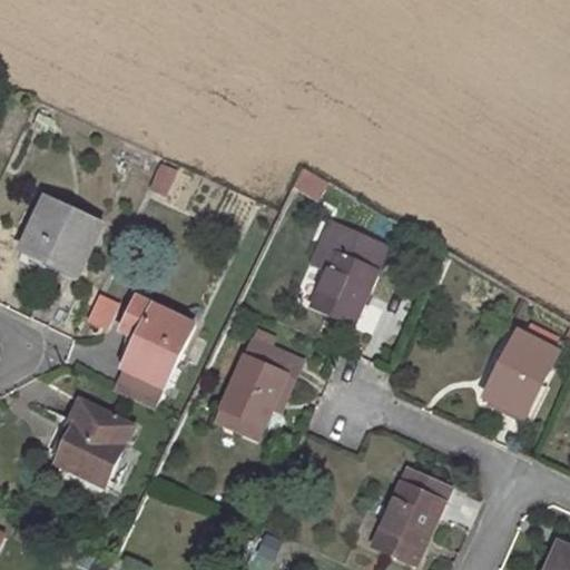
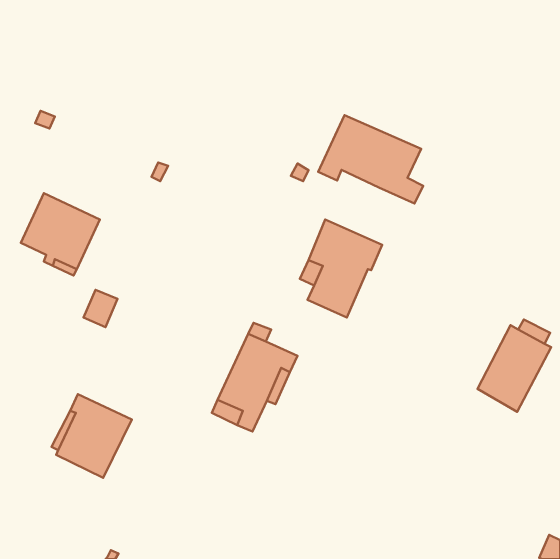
building: none -> [318,115,423,203]
building: [111,296,193,409] -> none
building: [373,468,449,562] -> none

